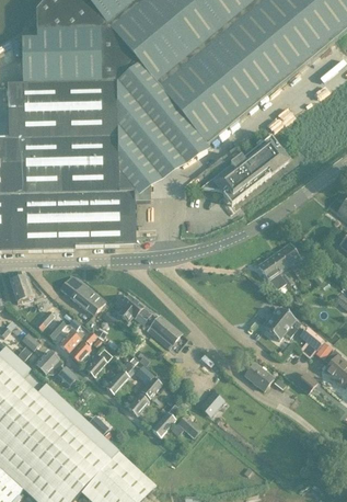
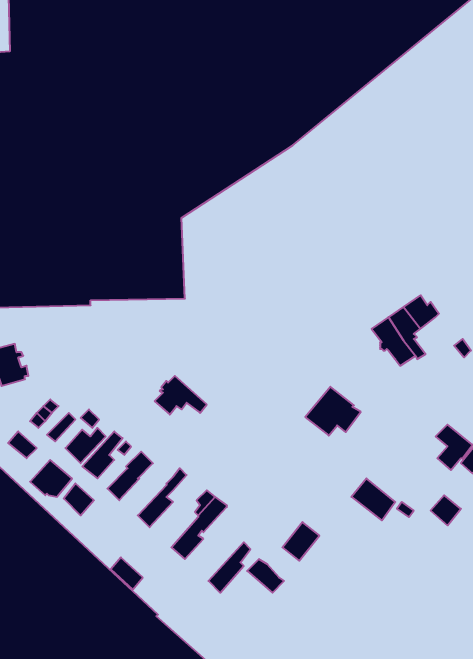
building: [198,136,287,204] -> none
building: [59,274,103,313] -> none
building: [263,307,299,339] -> [305,387,361,436]
building: [146,315,181,347] -> none

